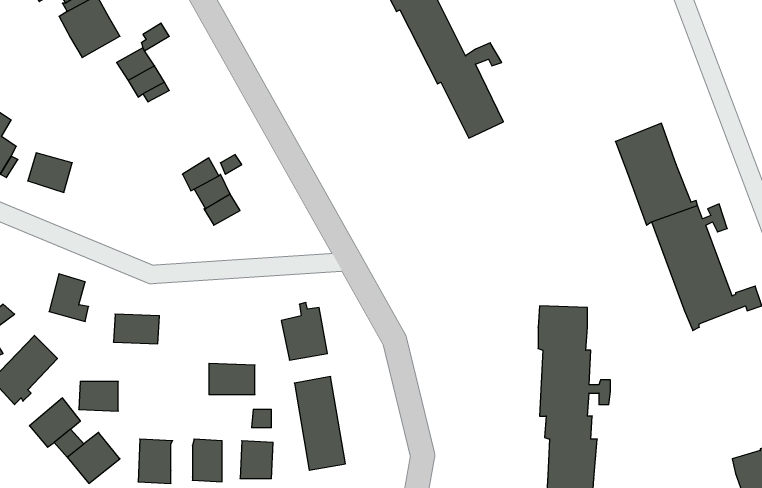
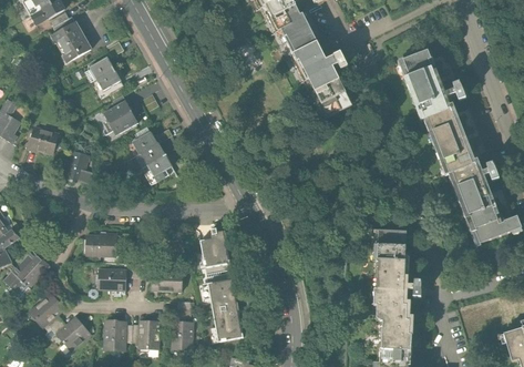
building: none -> [398,48,466,120]
building: none -> [103,99,135,130]
building: [49,274,89,321] -> [64,150,91,182]
building: [79,381,118,411] -> [99,269,125,289]

